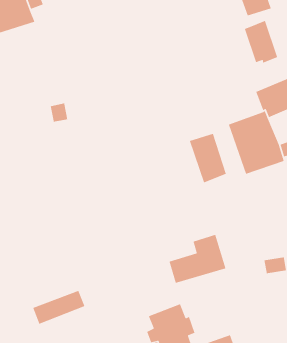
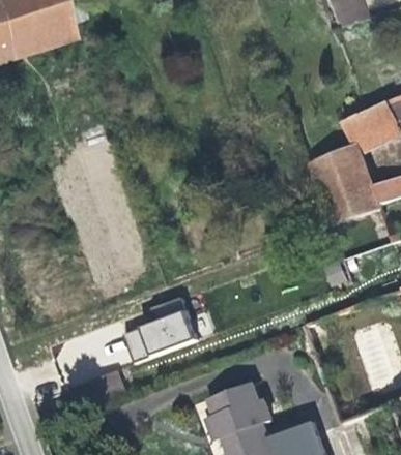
building: [244,20,278,64] -> none
building: [189,133,227,183] -> none
building: [168,234,227,284] -> [123,296,196,358]

